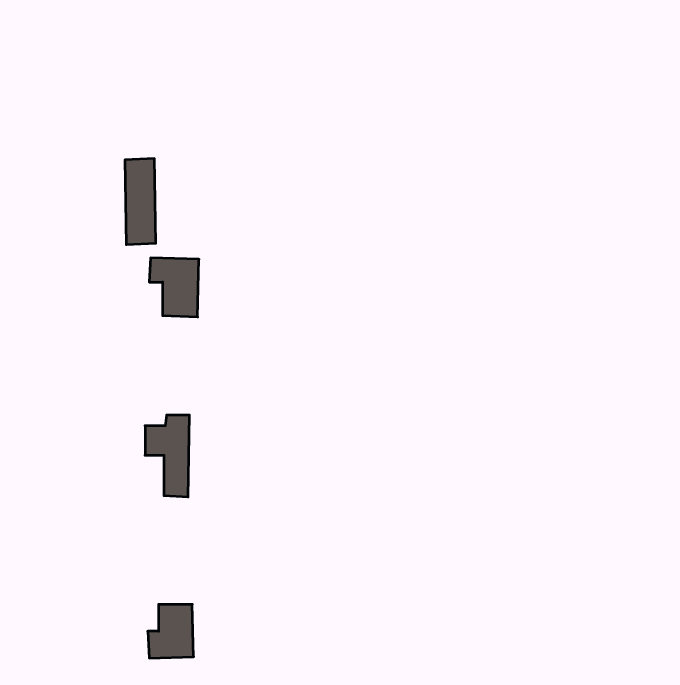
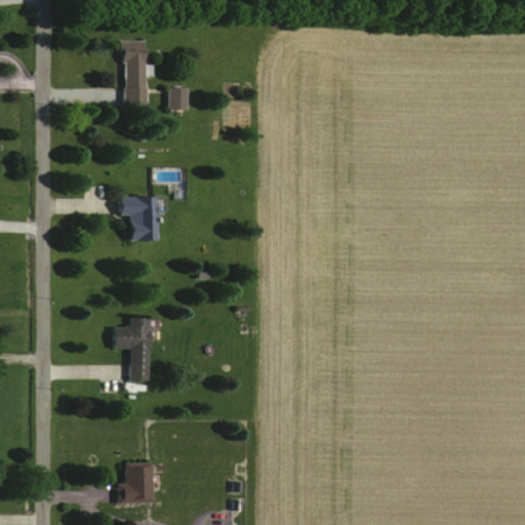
building: none -> [169,88,188,111]
building: [125,159,156,245] -> [124,41,148,107]

